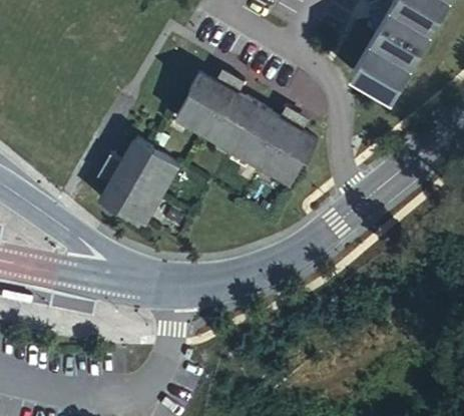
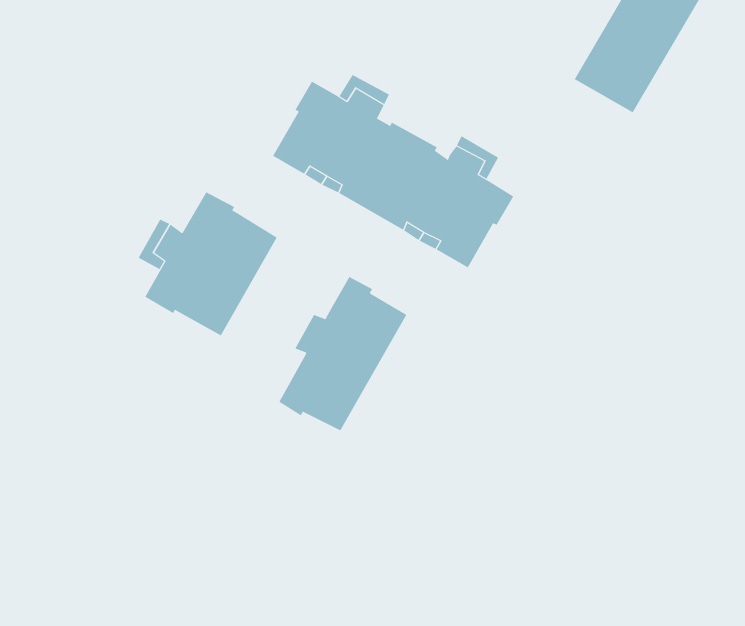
building: none -> [278,276,407,431]

